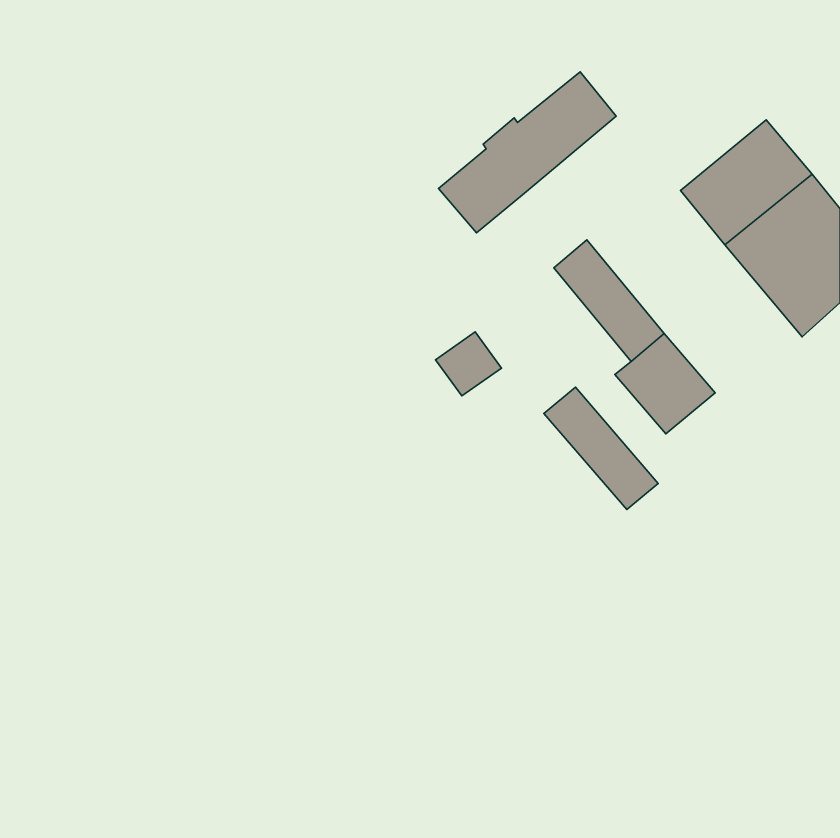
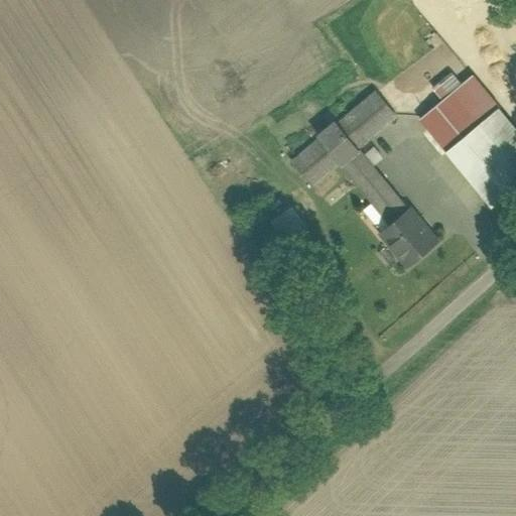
building: [439,72,616,233] -> [288,90,397,188]
building: [544,387,658,510] -> none

